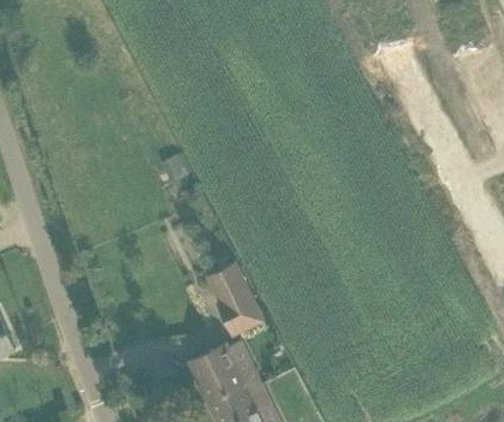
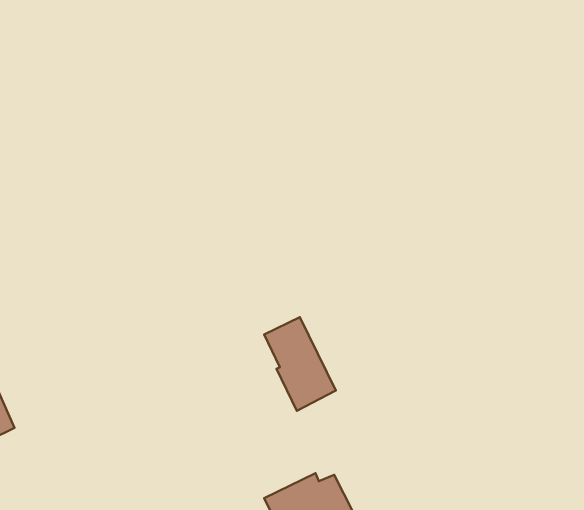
building: [186,344,260,404] -> none

